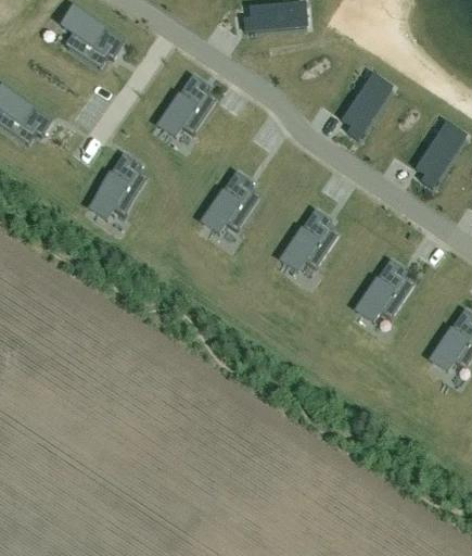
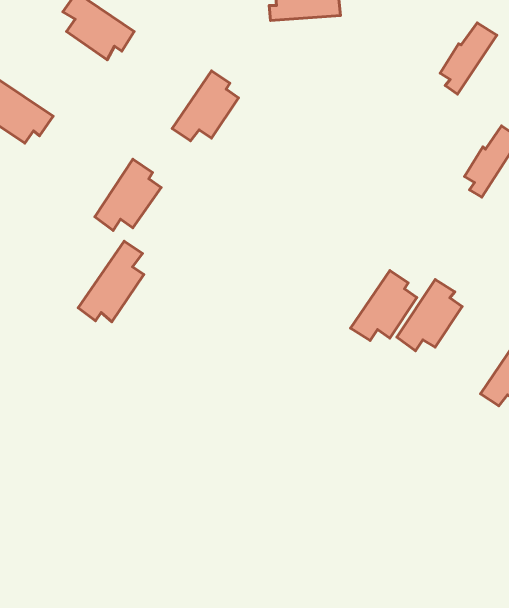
building: [342,75,392,138] -> [440,23,497,94]
building: [202,170,259,232] -> none
building: [280,208,339,270] -> [351,271,417,341]
building: none -> [78,241,144,322]

